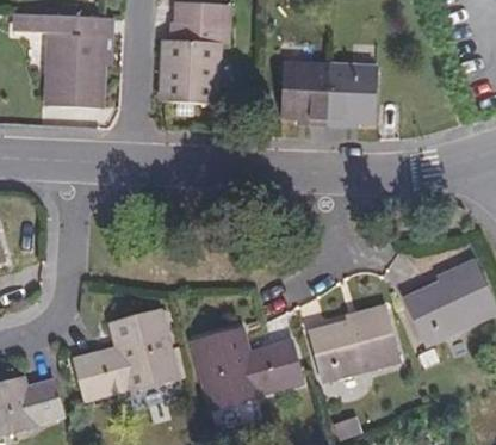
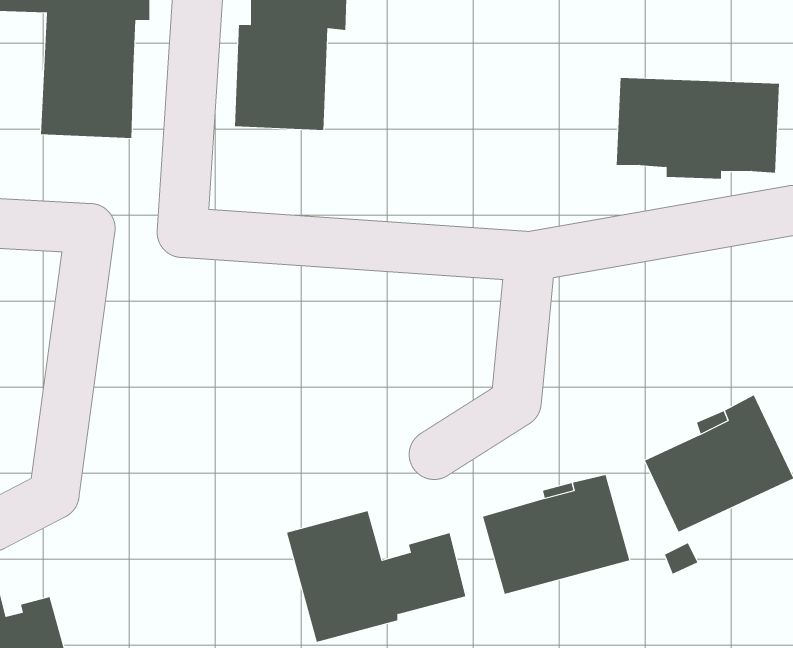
building: [280,62,378,123] -> [616,77,780,179]
building: [75,310,179,396] -> none

